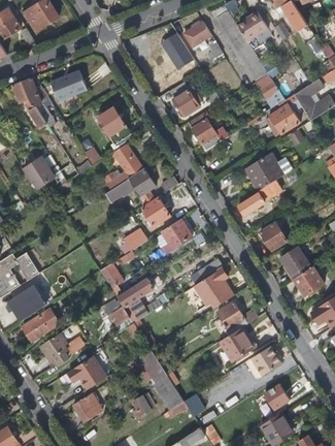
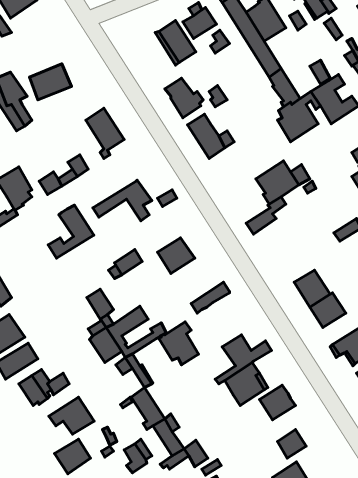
building: [104,145,143,190] -> [48,205,94,258]
building: [143,197,170,227] -> none
building: [262,220,289,249] -> none
building: [199,268,233,306] -> [159,322,198,365]

